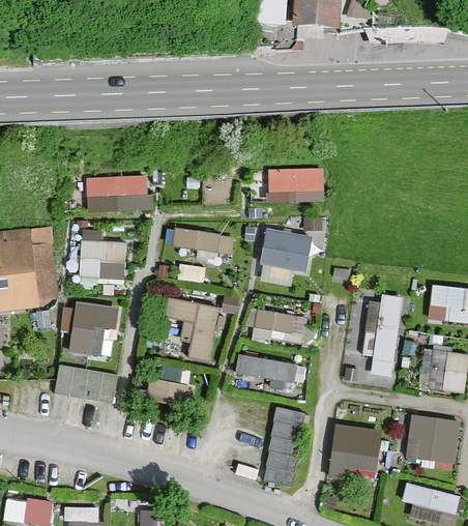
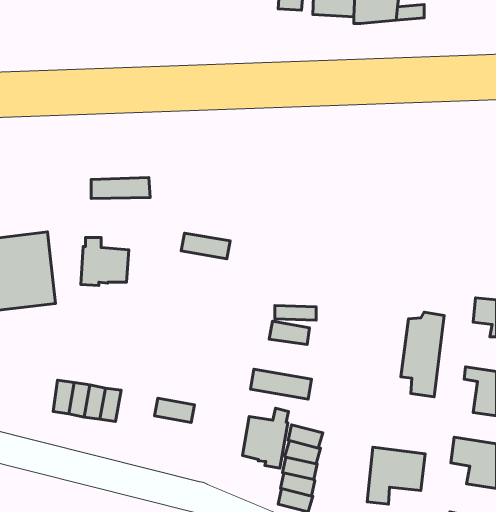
building: [269,168,320,200] -> none
building: [259,230,310,270] -> none
building: [166,298,215,360] -> none
building: [69,303,114,354] -> none
building: none -> [243,408,288,468]

